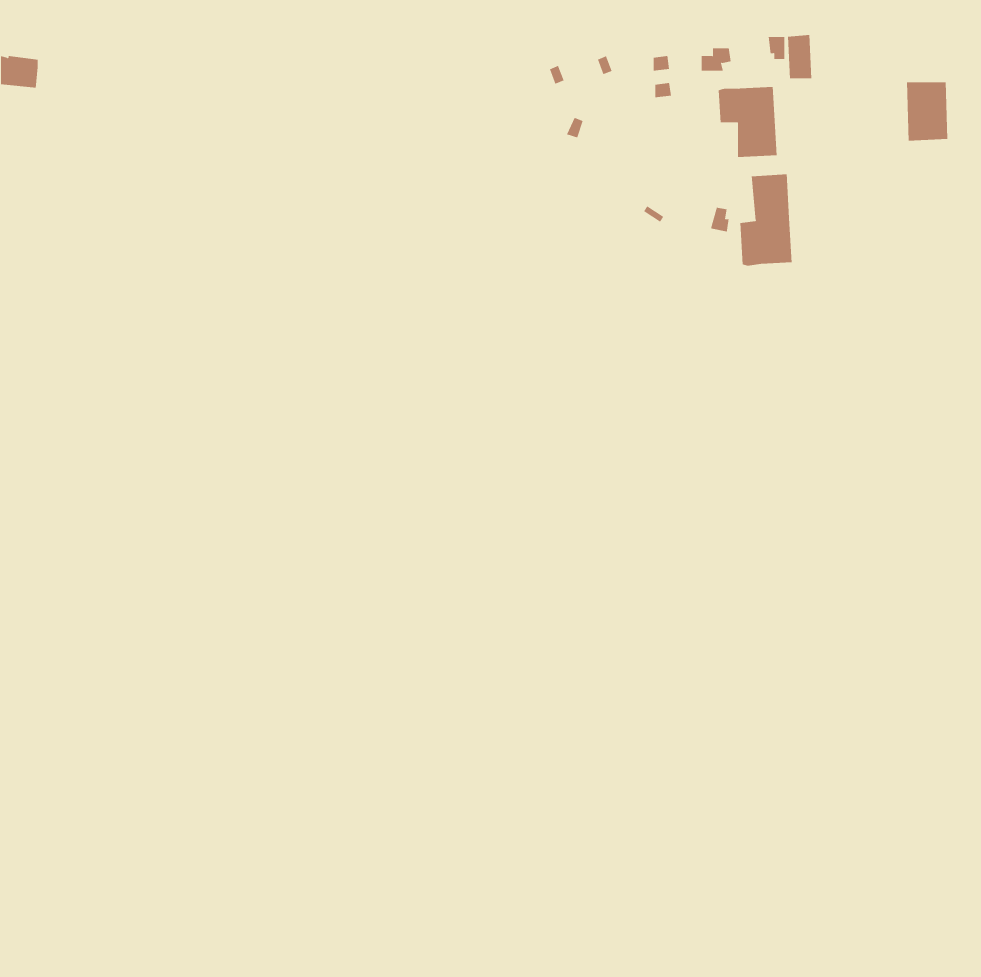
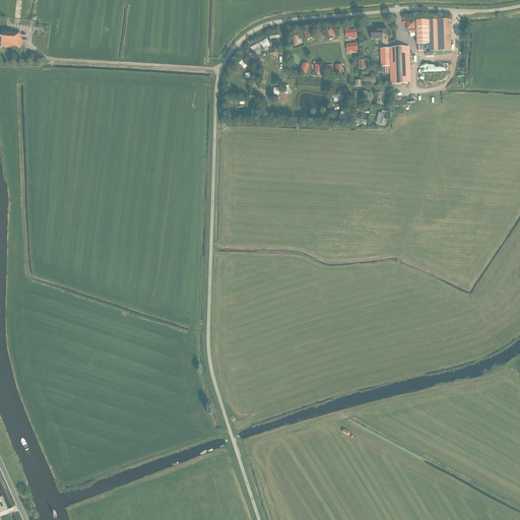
building: [906,82,948,141] -> [429,19,451,51]
building: [740,173,792,267] -> none

